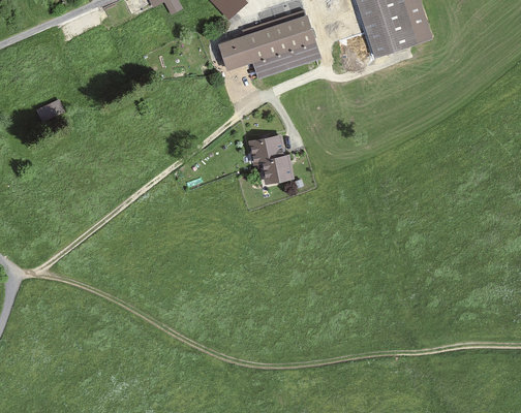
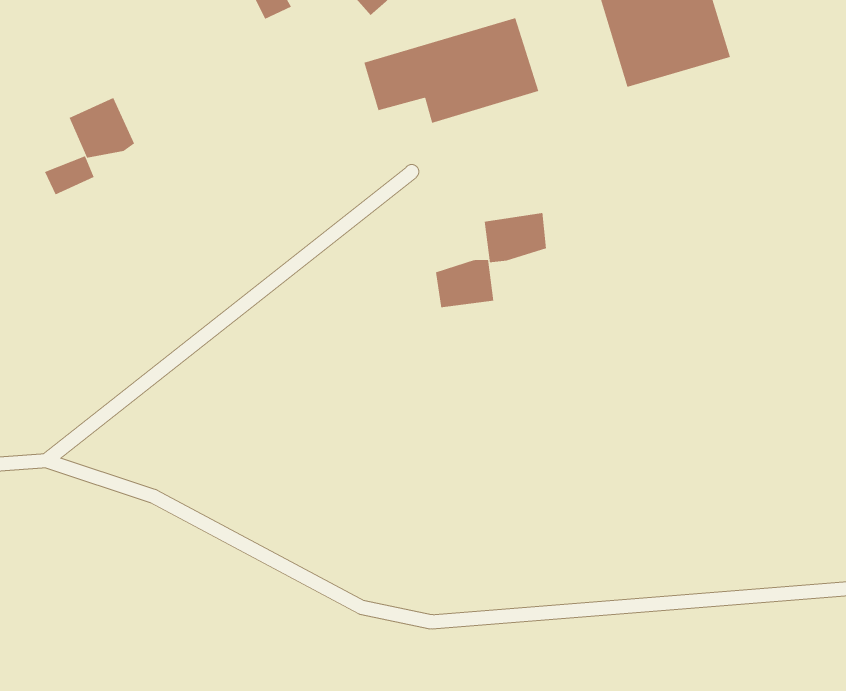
building: none -> [69,97,135,159]
building: [247,134,283,163] -> [484,213,547,263]

